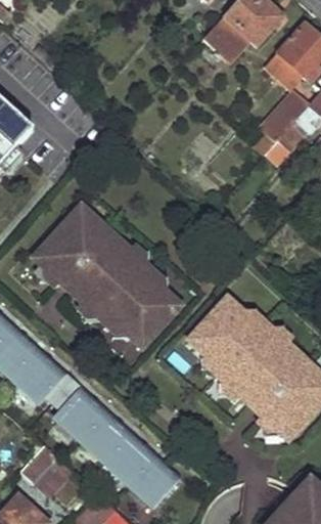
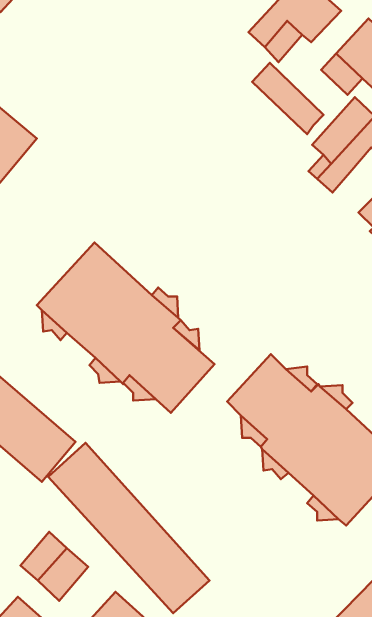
building: none -> [252,63,324,134]

